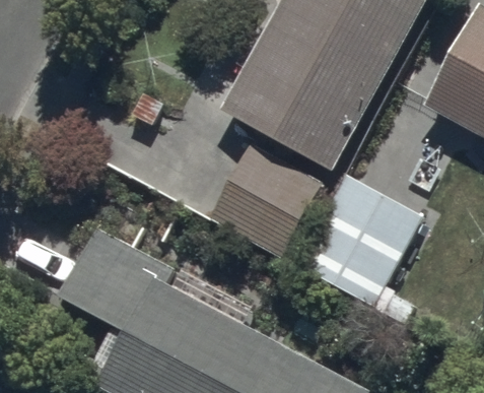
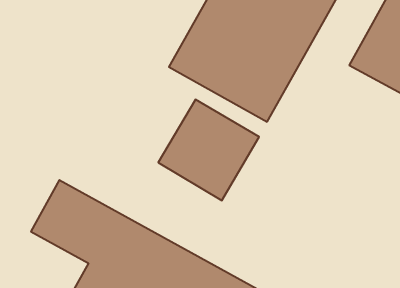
building: [301,176,432,314] -> none

